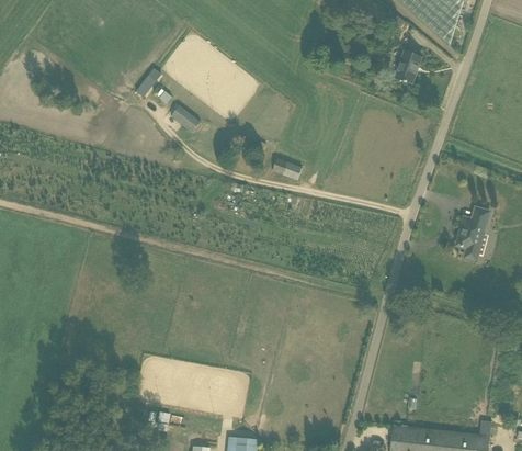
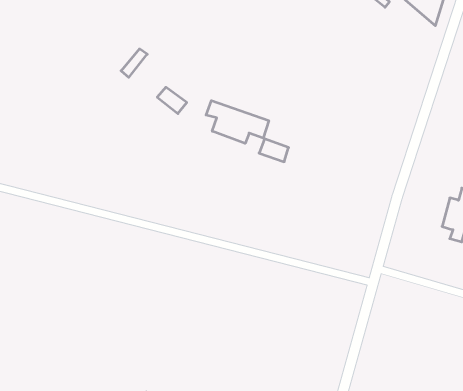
building: [394,49,421,82] -> none
building: none -> [206,101,269,143]

